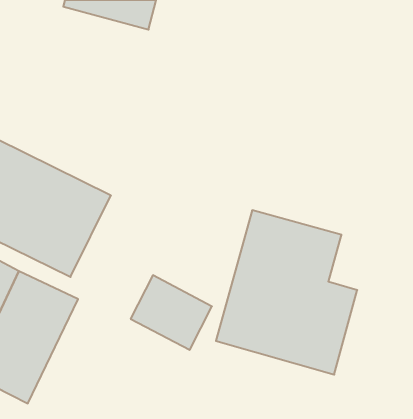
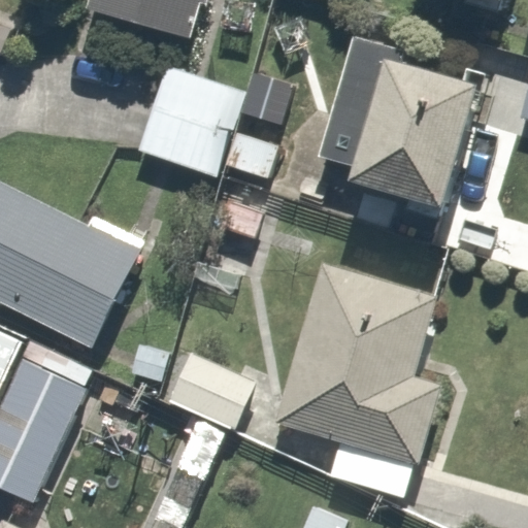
building: none -> [309,37,493,213]
building: none -> [131,63,276,184]

